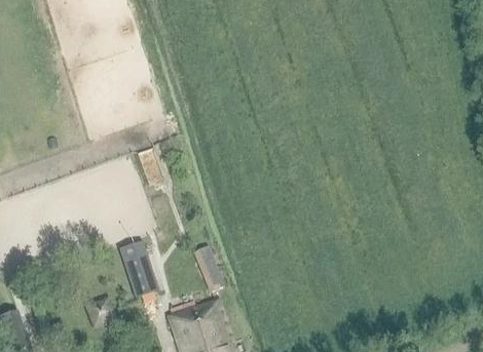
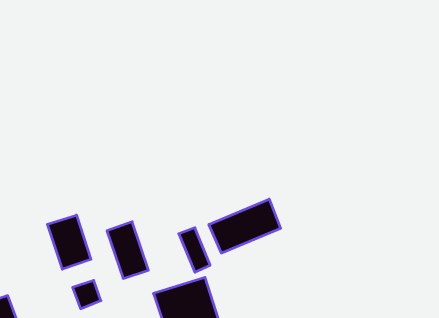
building: none -> [209,199,281,253]
building: none -> [47,215,91,269]

